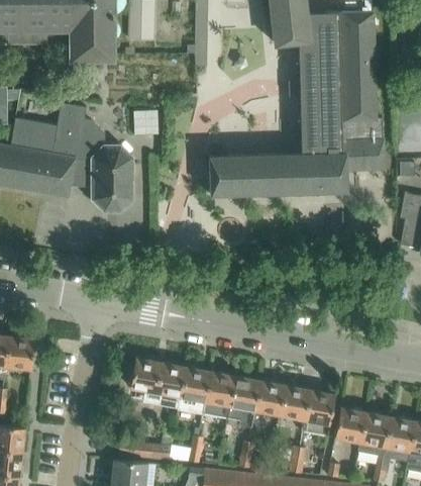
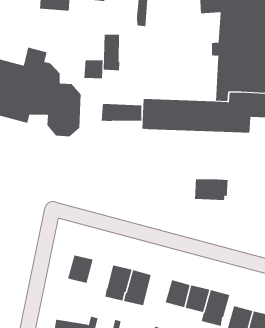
building: none -> [103,34,120,71]
building: none -> [101,103,142,122]
building: none -> [194,179,228,201]
building: [155,362,186,396] -> none
building: [228,376,260,426] -> none

